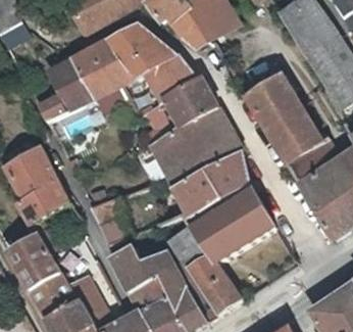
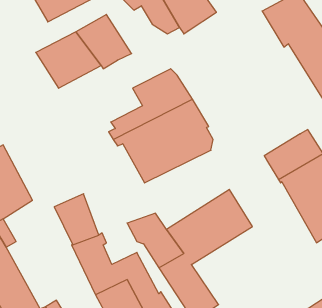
building: [133,54,196,108] -> none
building: [46,60,91,107] -> none
building: [244,72,317,157] -> none
building: [171,152,246,215] -> none

